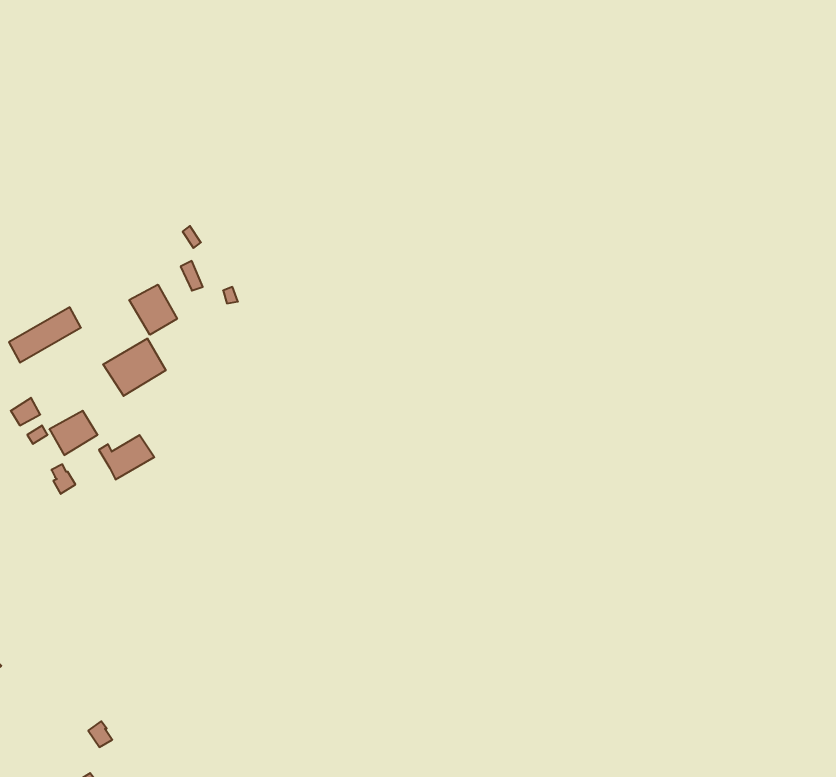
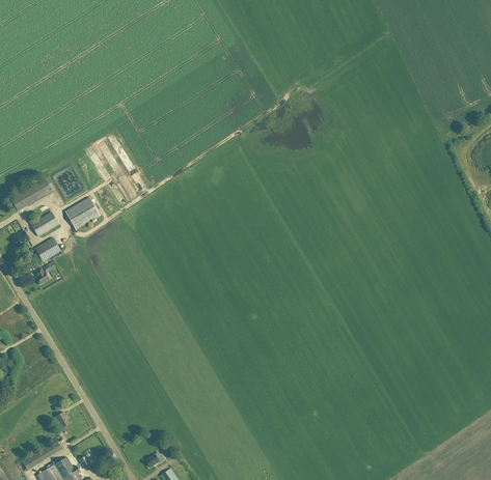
building: [129,285,177,335] -> none
building: [99,435,154,479] -> [27,211,58,236]

